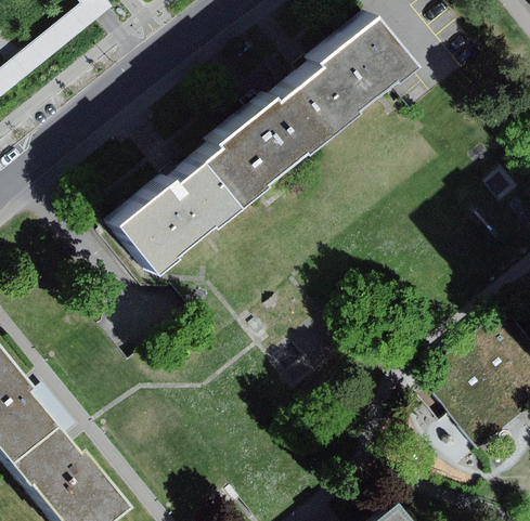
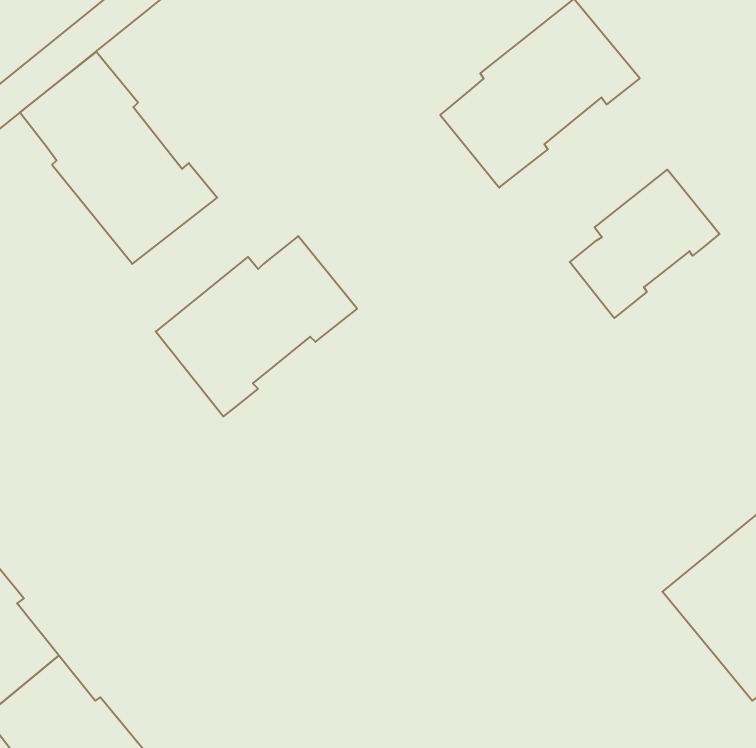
building: none -> [20,52,217,264]
building: [202,86,327,207] -> none
building: none -> [570,170,720,318]

